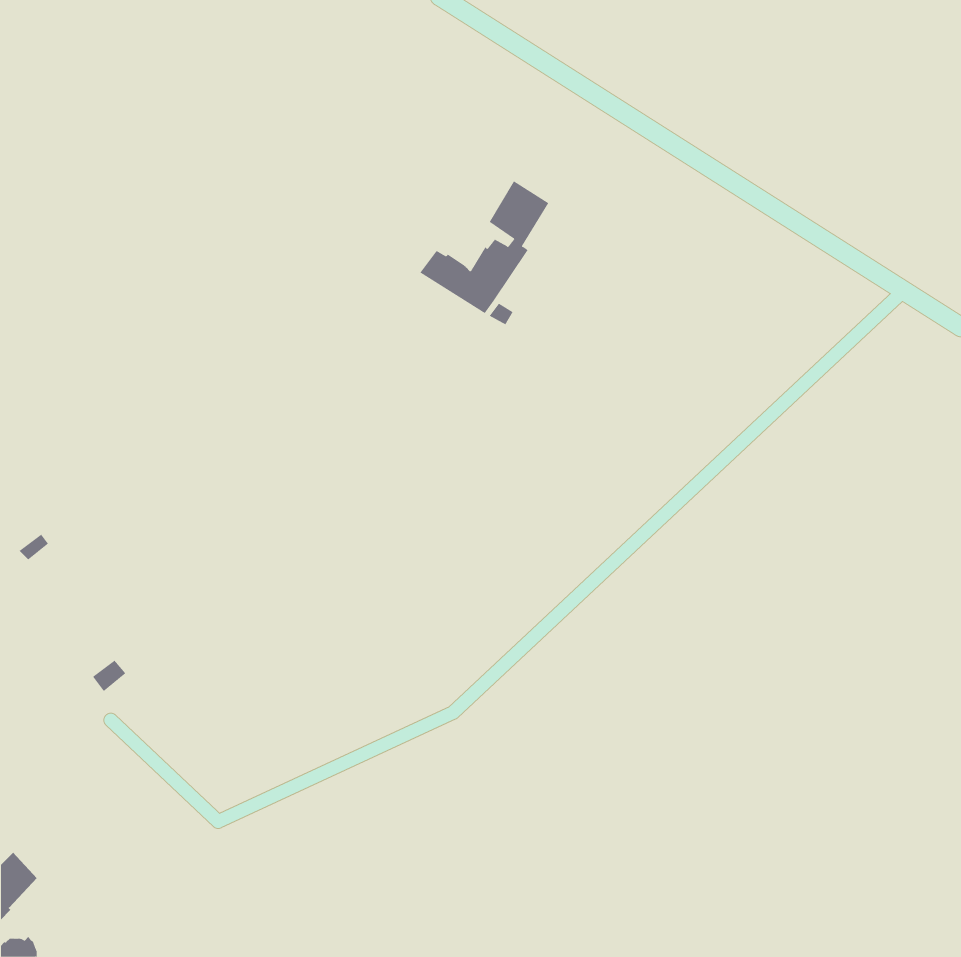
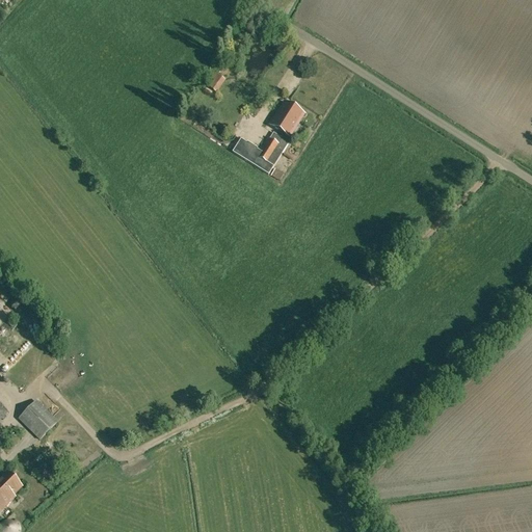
building: none -> [19,400,57,438]

